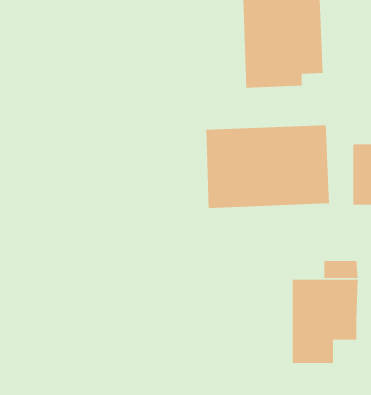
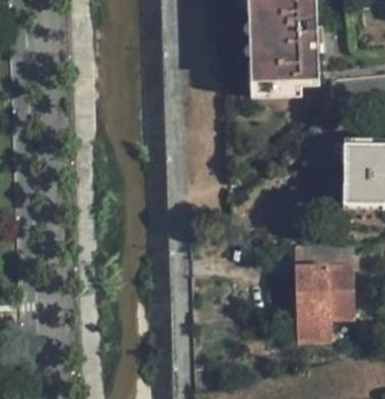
building: [205,124,330,209] -> none

